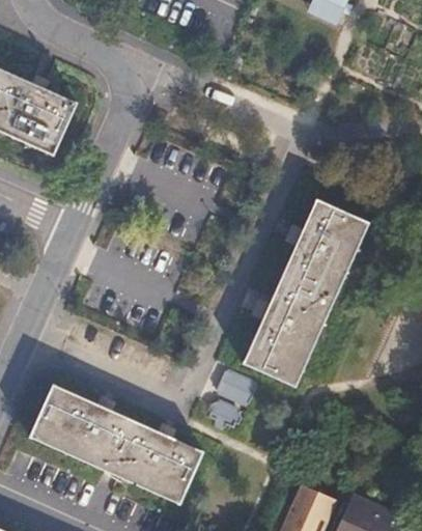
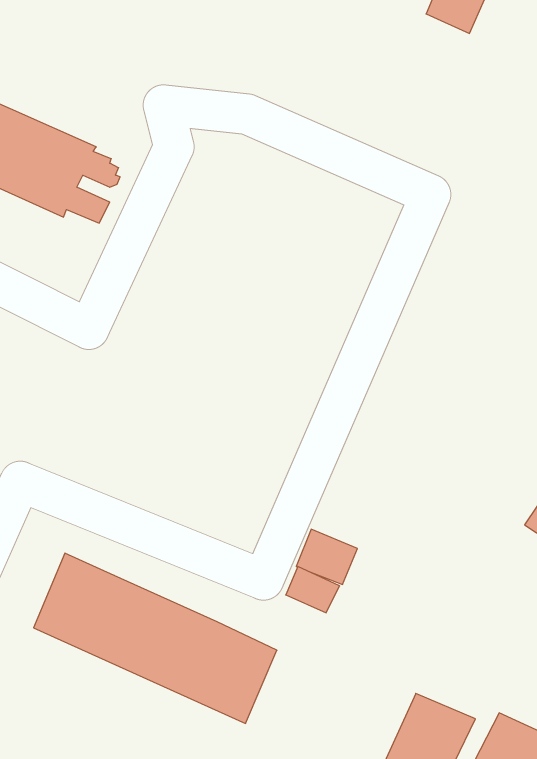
building: [242,198,367,386] -> none

